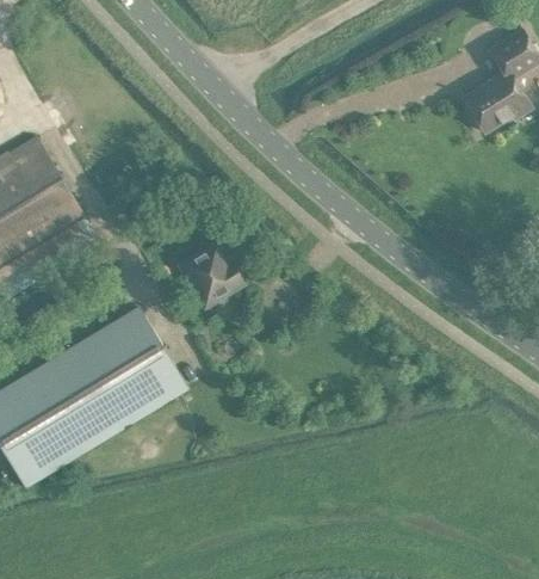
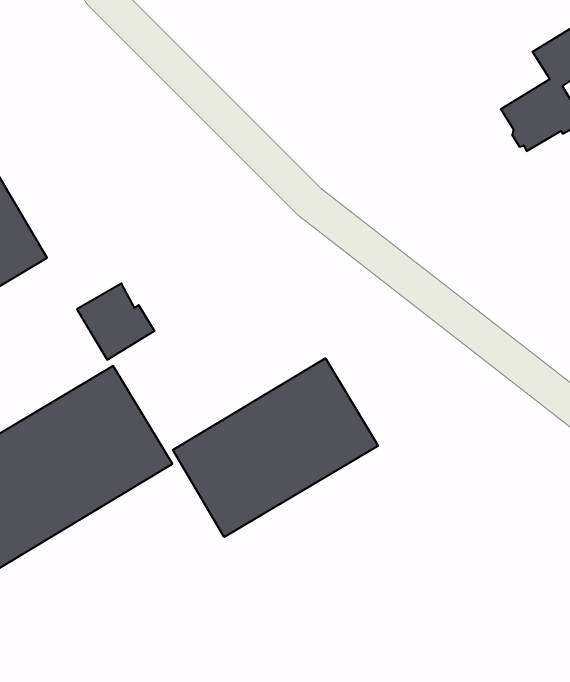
building: [178,241,242,304] -> [77,283,155,360]
building: none -> [173,358,378,537]

